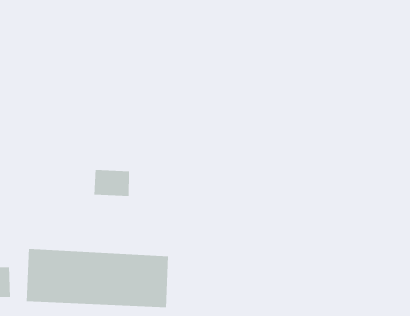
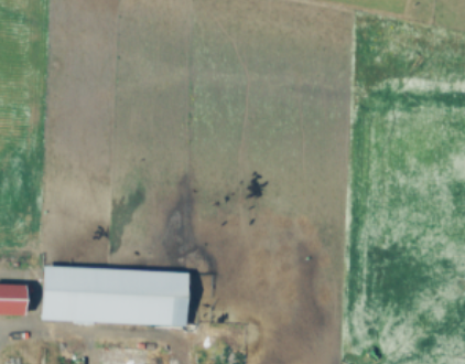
building: [93,169,130,197] -> none

